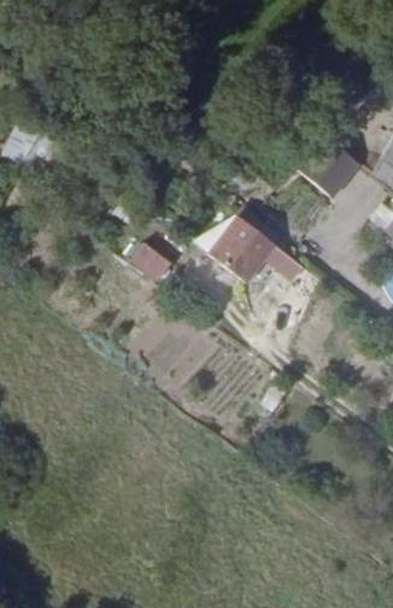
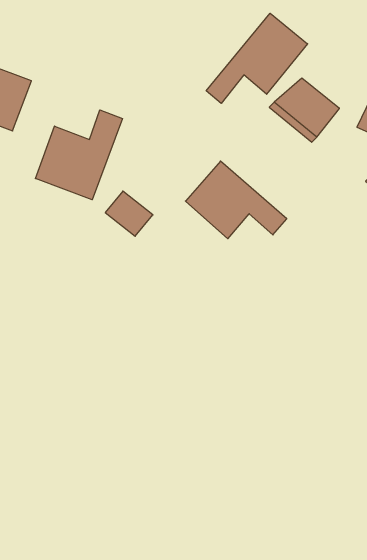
building: none -> [206,13,308,103]
building: none -> [35,110,123,200]

